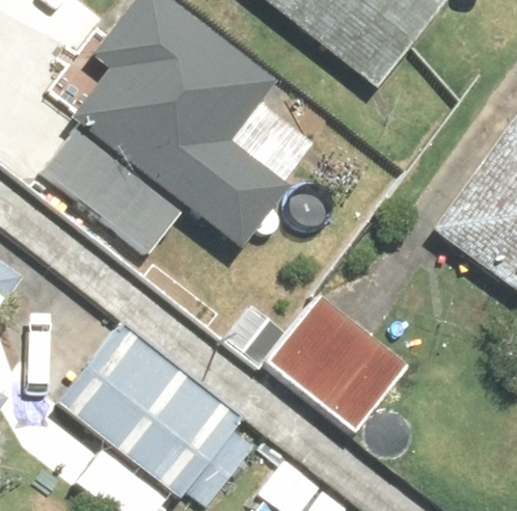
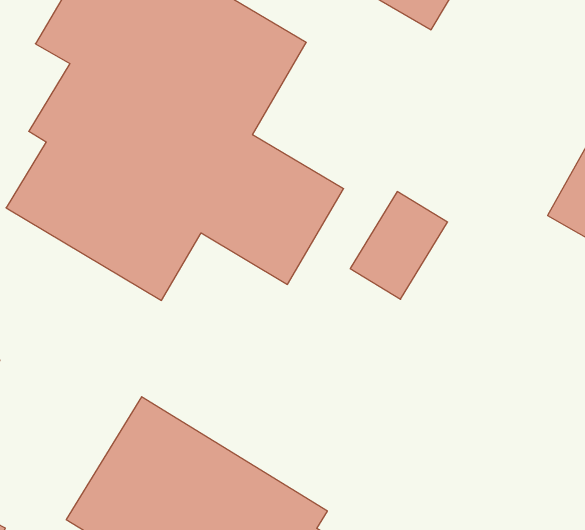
building: [264,289,412,434] -> none

